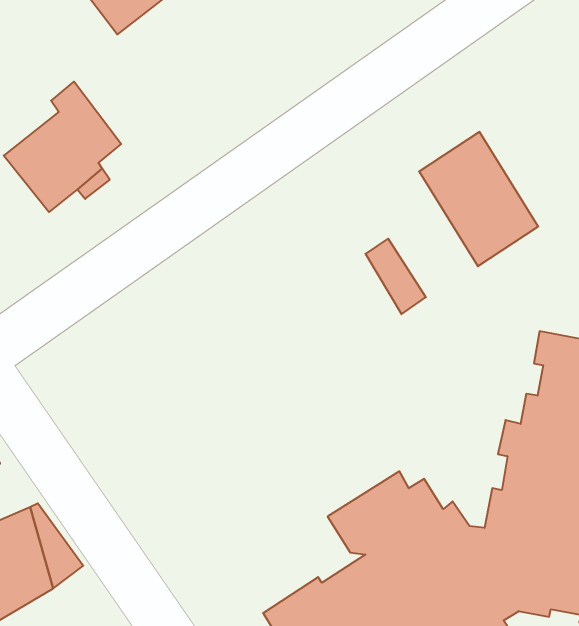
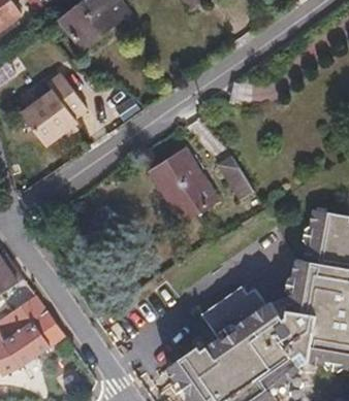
building: [419,132,538,266] -> [151,149,216,223]

